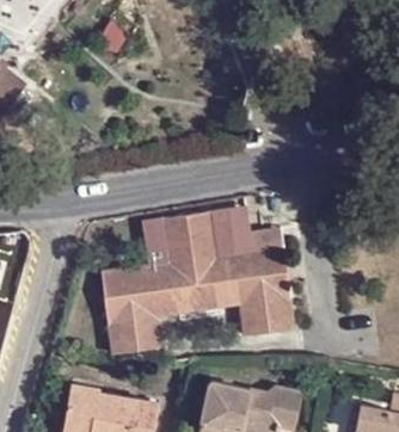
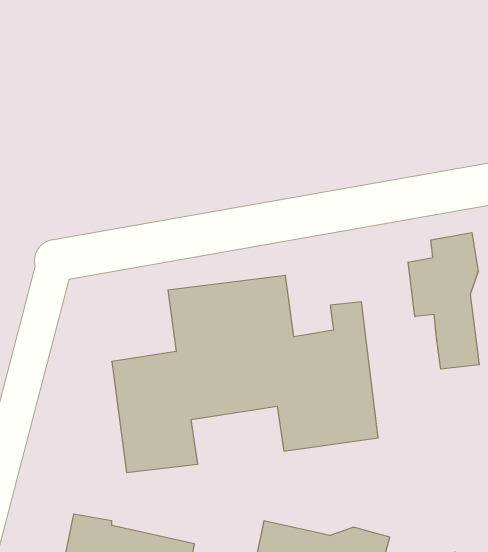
building: none -> [408,233,479,369]

